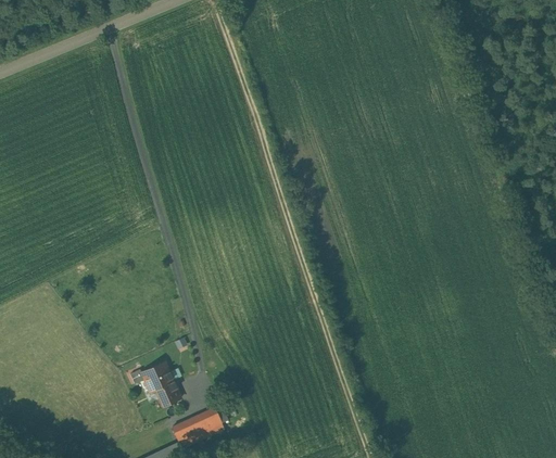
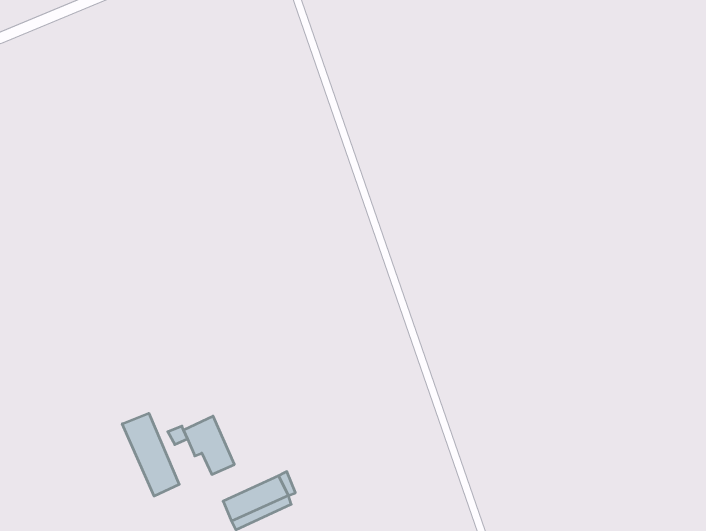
building: none -> [122,413,179,496]

